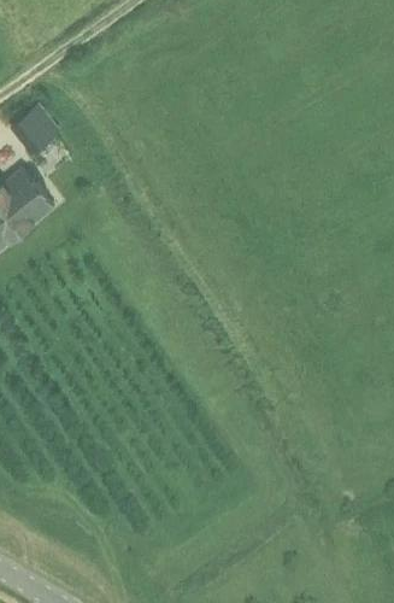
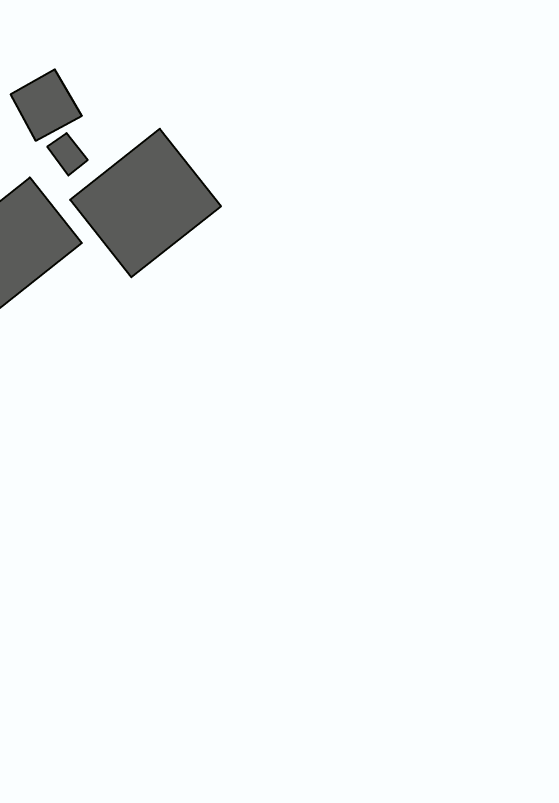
building: none -> [70,129,221,277]

